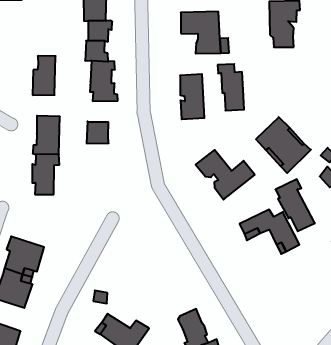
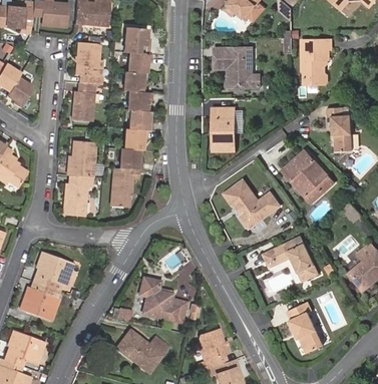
building: none -> [75,39,100,82]
building: [218,64,244,111] -> [328,107,351,151]
building: none -> [122,126,151,147]
building: none -> [111,165,140,206]
building: [275,179,315,231] -> [285,302,321,352]
building: none -> [139,278,185,323]

